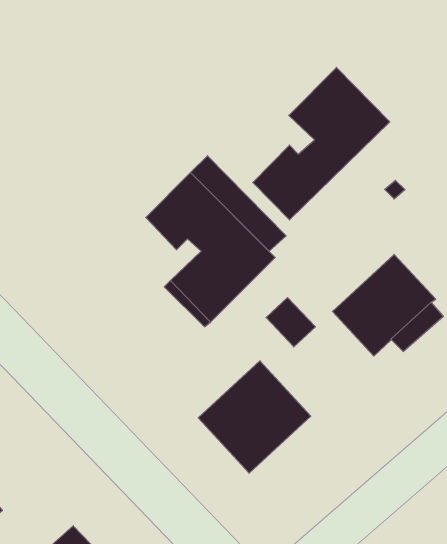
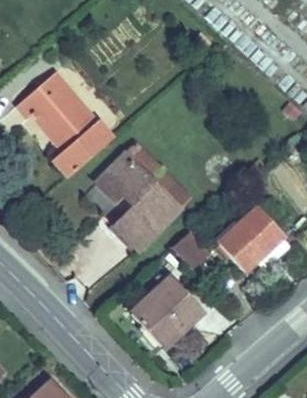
building: none -> [18,72,112,176]
building: [253,67,390,220] -> none

